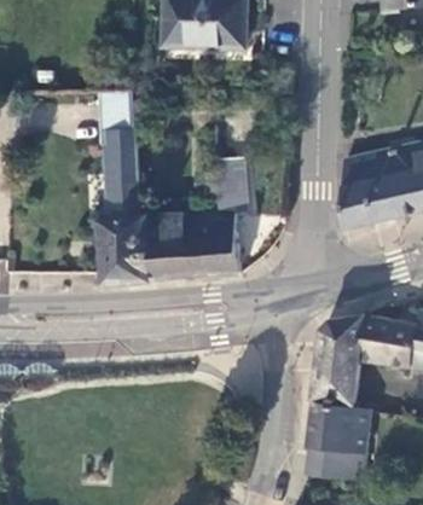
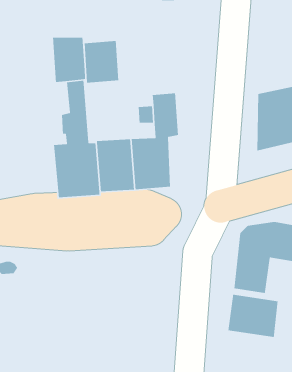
building: none -> [84,40,119,84]
building: [307,447,365,481] -> none

